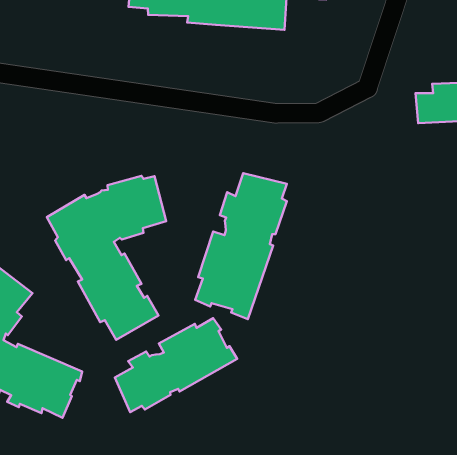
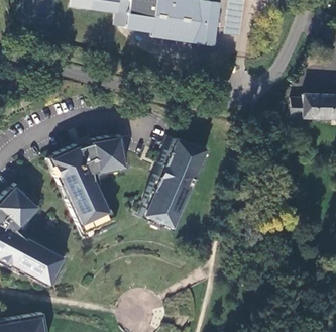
building: [115,318,237,412] -> none

